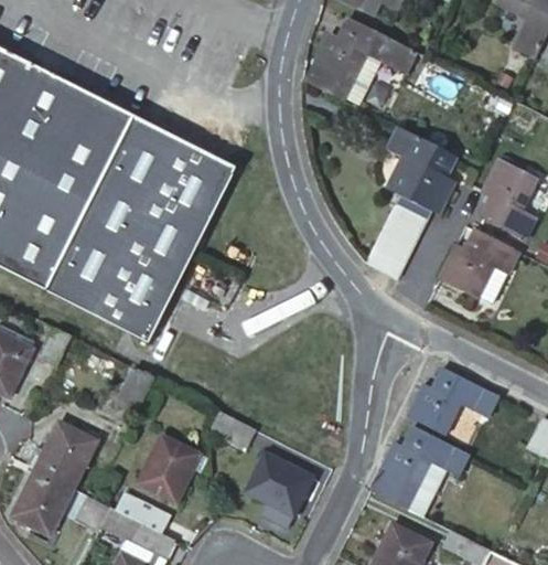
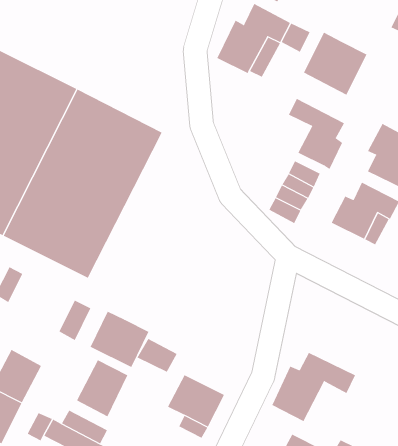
building: none -> [303,32,367,95]
building: [404,369,498,437] -> none
building: none -> [90,311,149,368]

